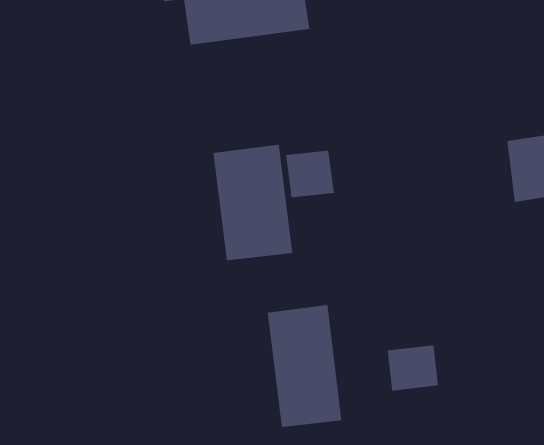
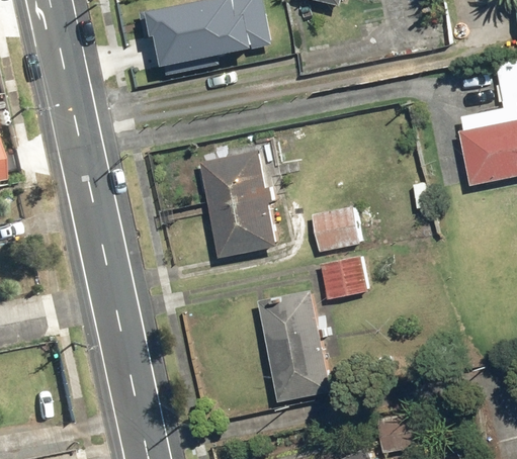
building: [285,150,335,198] -> [310,206,356,252]
building: [387,344,439,392] -> [317,256,365,300]

